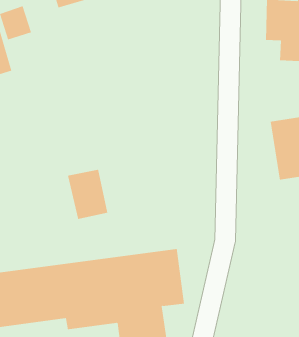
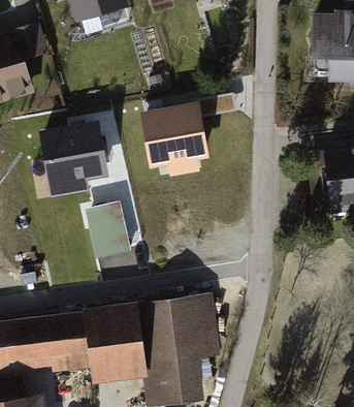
building: none -> [146,101,217,177]
building: none -> [44,121,115,198]

